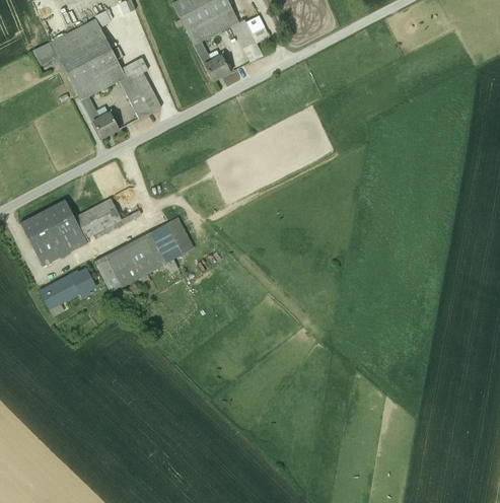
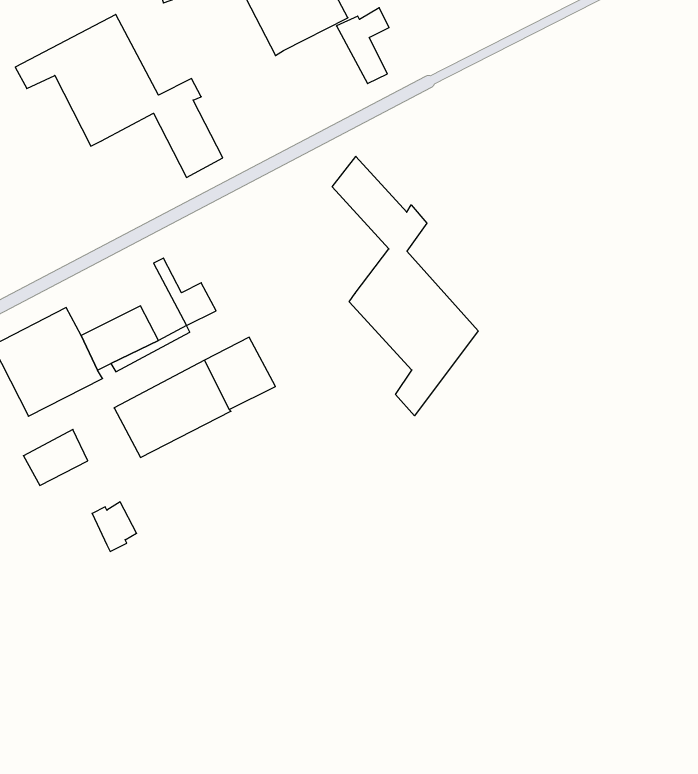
building: [194,41,230,80] -> none
building: [80,96,119,138] -> [154,258,216,326]
building: none -> [332,156,478,416]
building: [69,267,96,297] -> [92,502,137,551]

